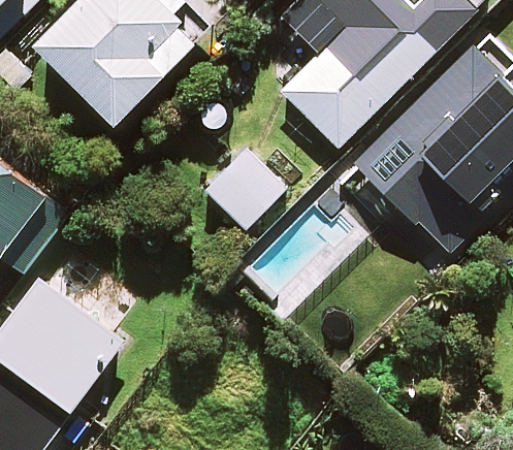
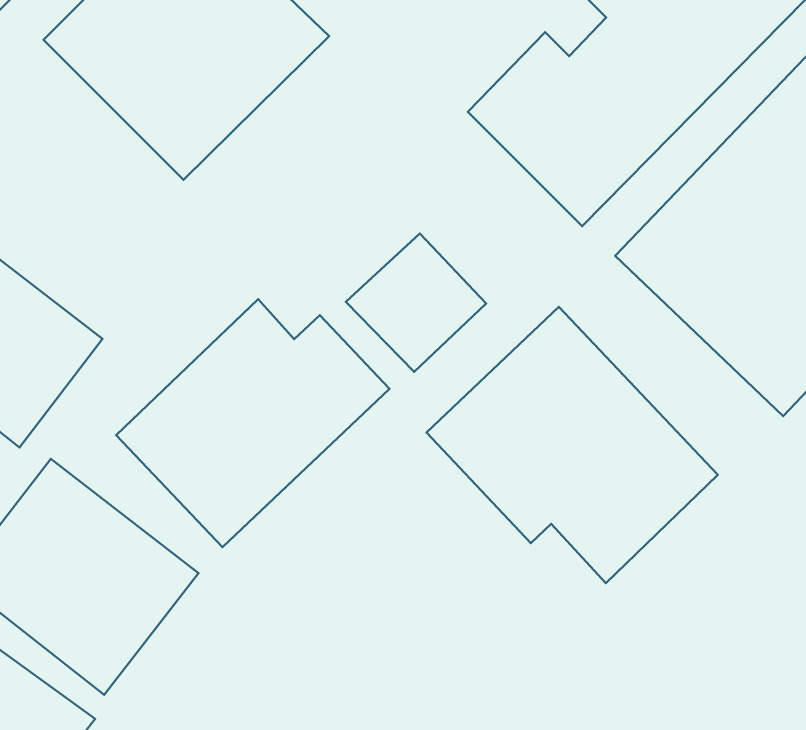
building: none -> [116,299,390,547]
building: none -> [426,307,718,583]

